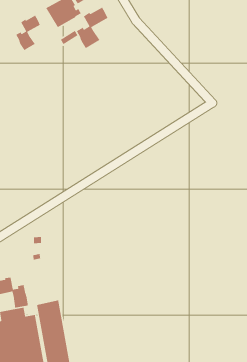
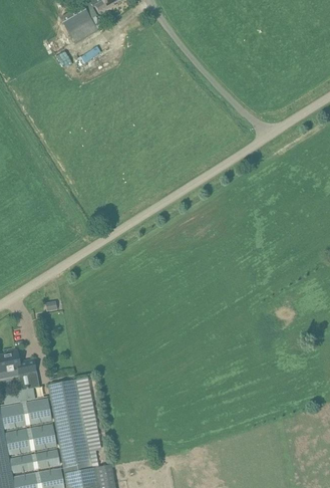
building: [76,6,108,49] -> none
building: [15,15,41,51] -> none

